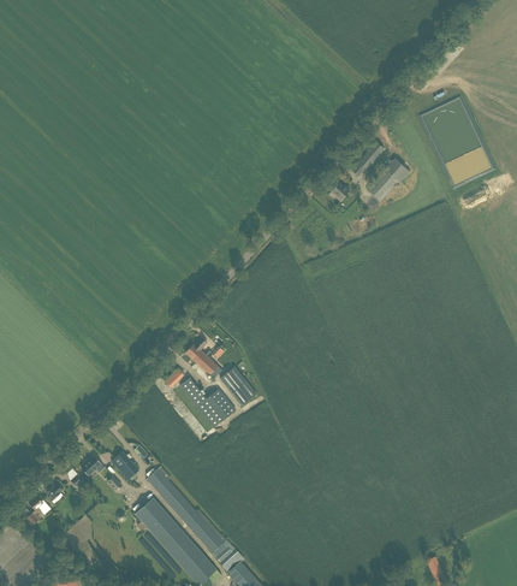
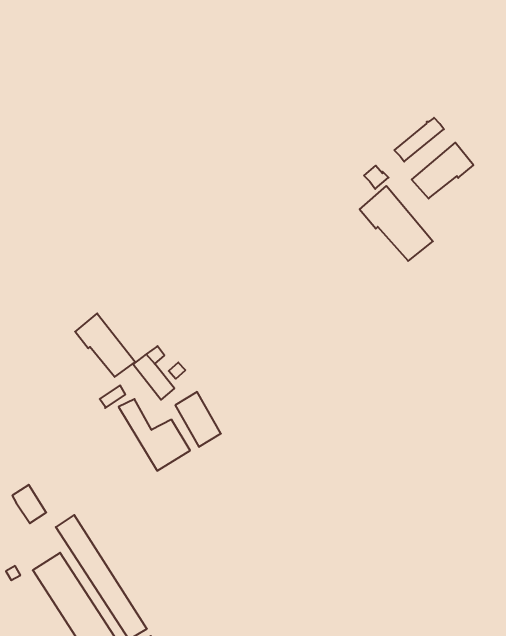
building: none -> [360,186,433,261]
building: none -> [75,313,135,377]

